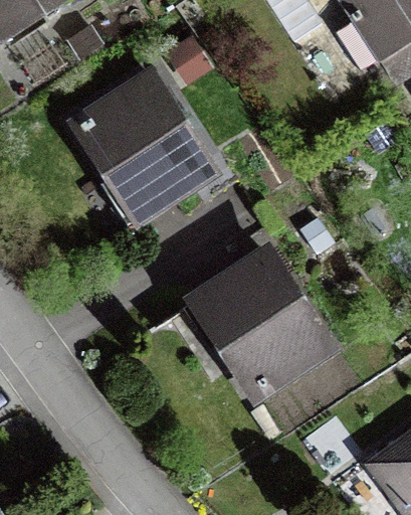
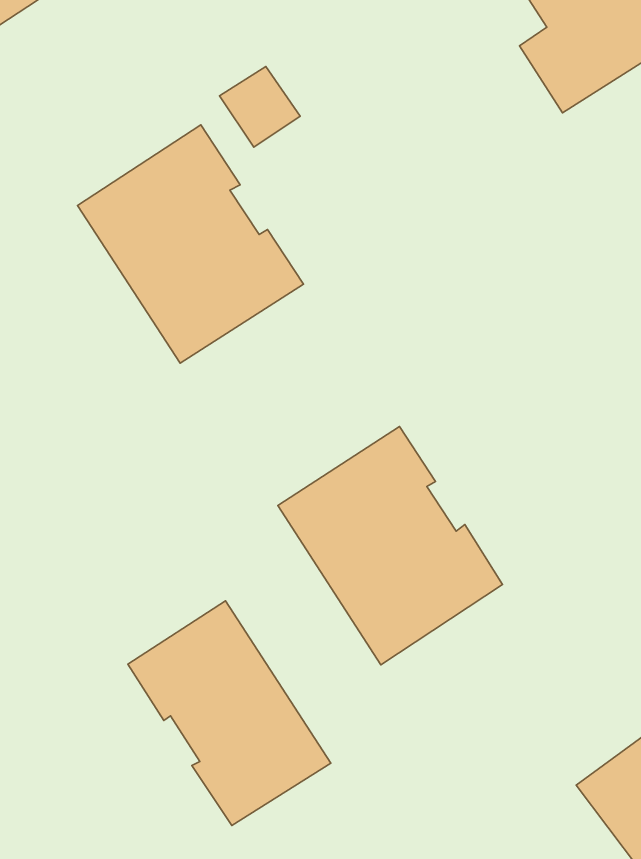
building: none -> [128,601,331,826]

